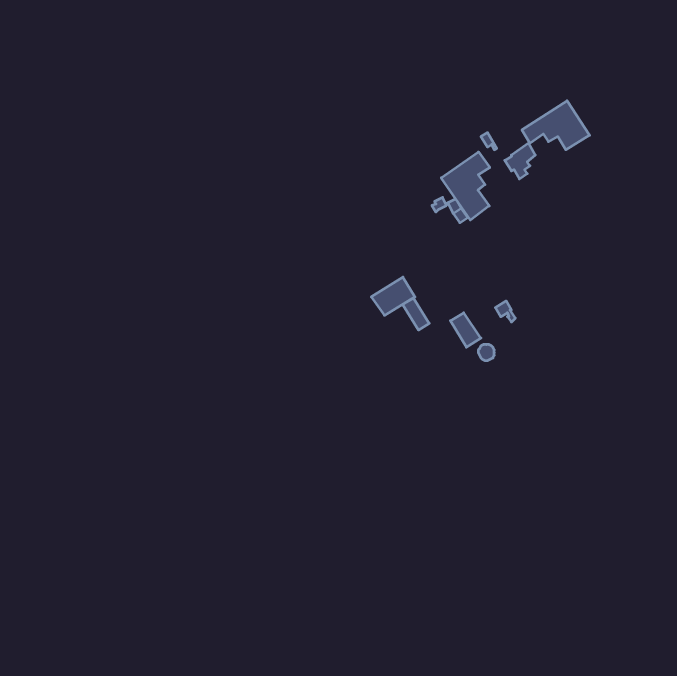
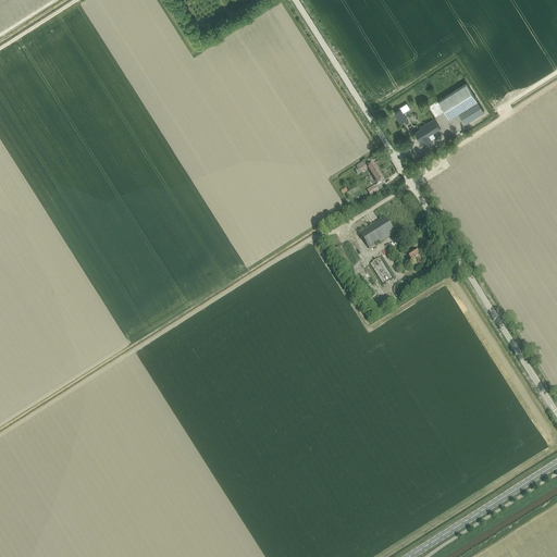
building: [441,152,490,220] -> none
building: [371,277,415,315] -> [359,216,395,248]

